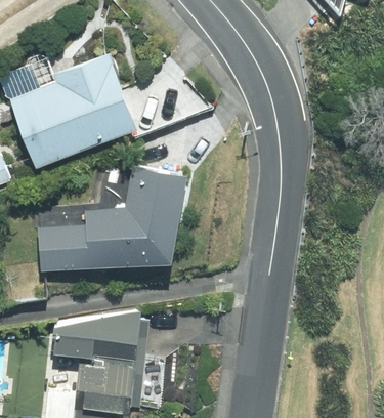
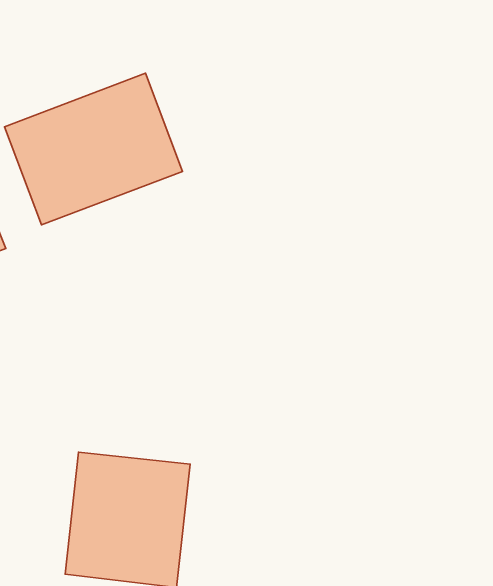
building: [43,167,184,270] -> none

